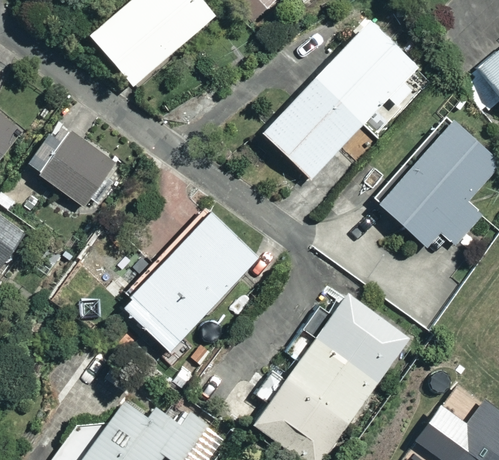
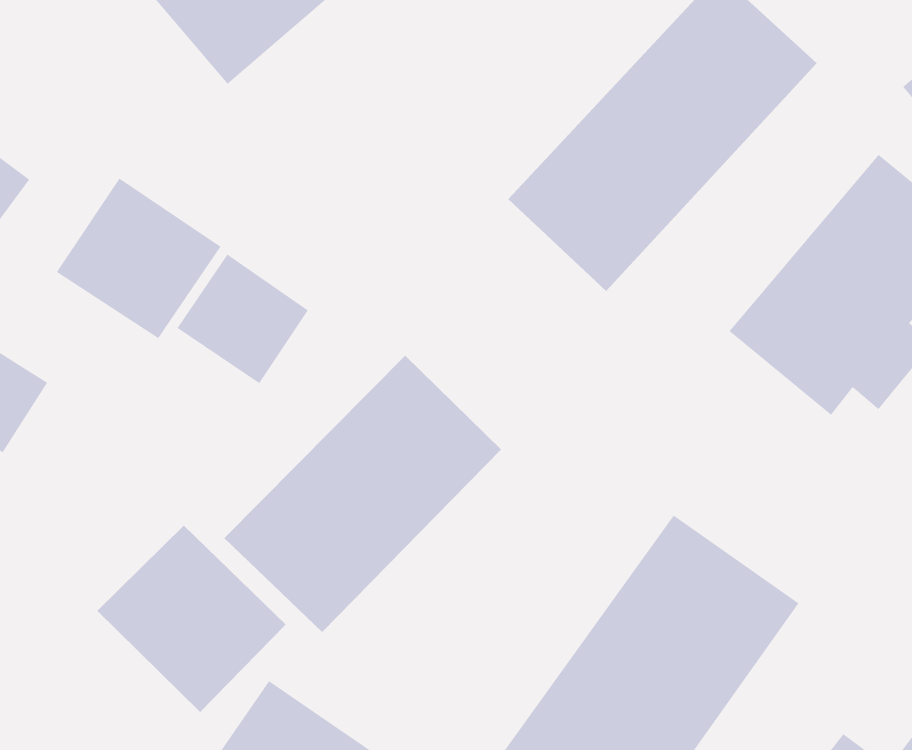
building: none -> [177,254,309,384]
building: none -> [97,525,287,713]

